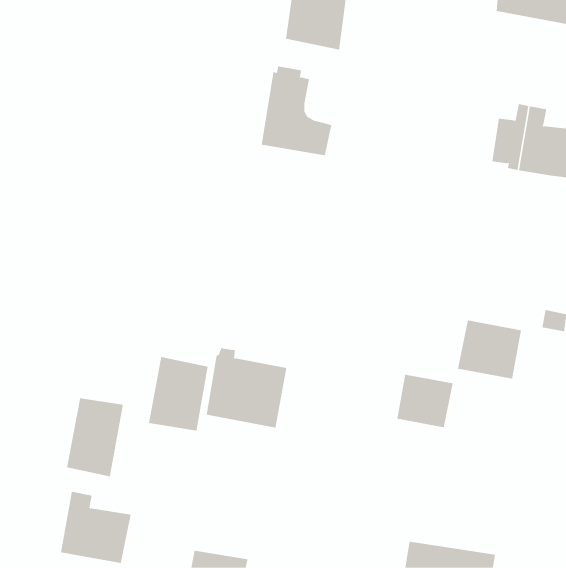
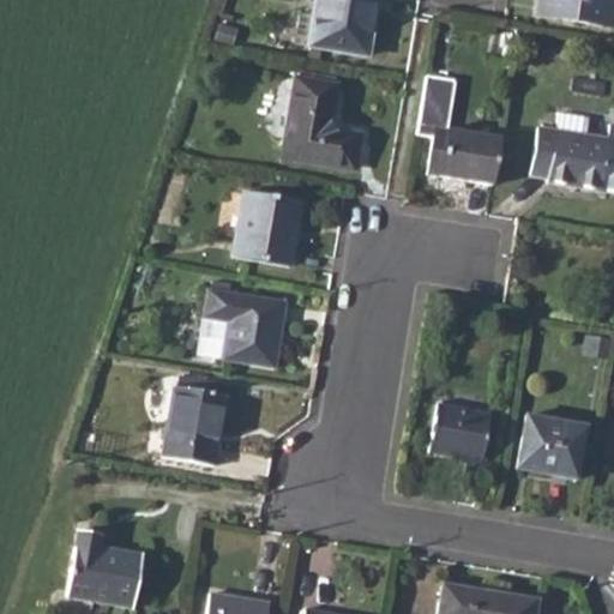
building: none -> [419,76,502,186]
building: none -> [234,189,303,265]
building: [457,320,522,379] -> [518,415,588,478]
building: [206,348,287,428] -> [199,281,287,367]
building: [66,397,124,477] -> none

